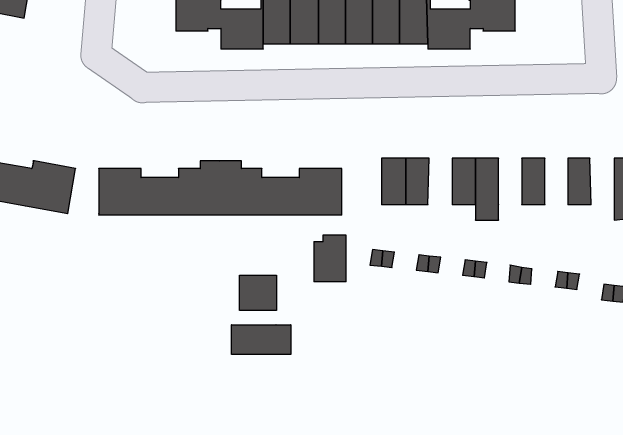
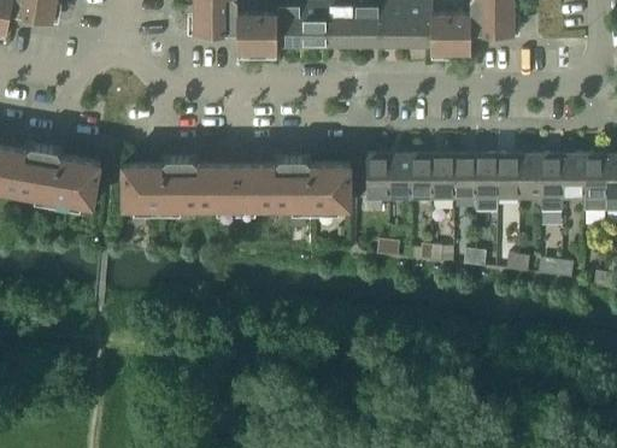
building: none -> [431,155,454,199]
building: none -> [498,155,519,199]
building: none -> [541,155,563,213]
building: none -> [583,155,606,213]
building: [314,235,346,282] -> [358,155,388,199]
building: [240,275,276,310] -> none
building: [232,325,291,354] -> none

